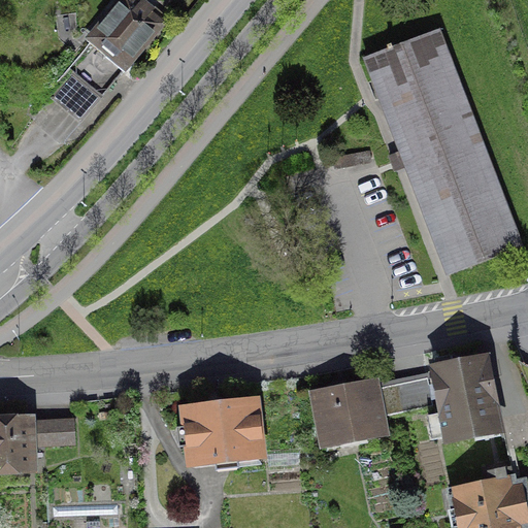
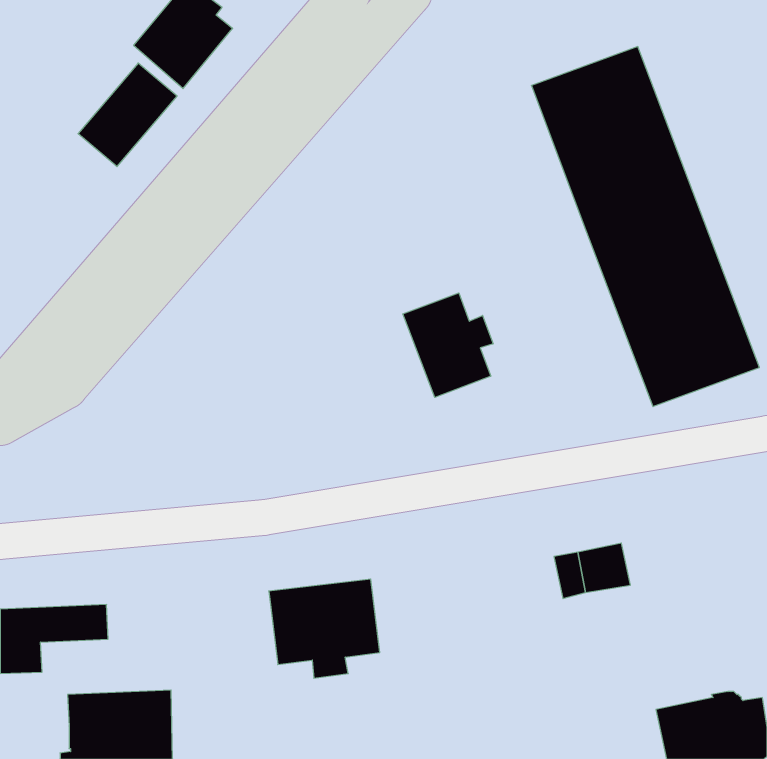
building: none -> [403,293,493,397]
building: [432,356,501,434] -> none
building: [316,380,383,439] -> none

